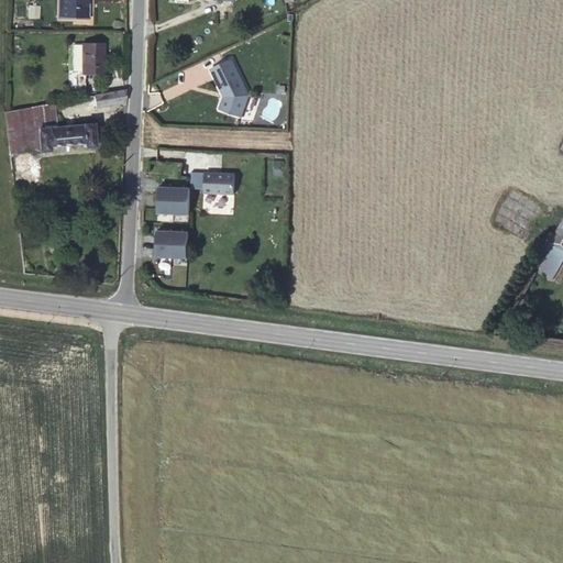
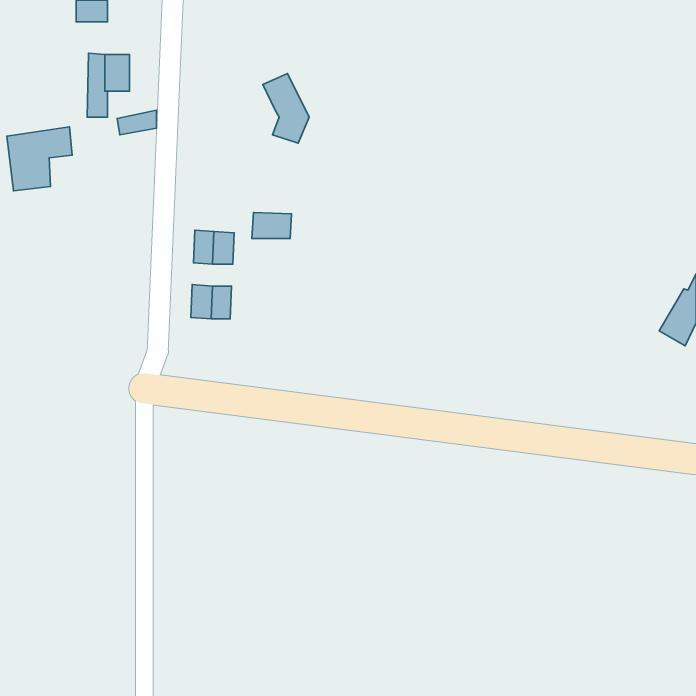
building: [40,122,98,152] -> none

